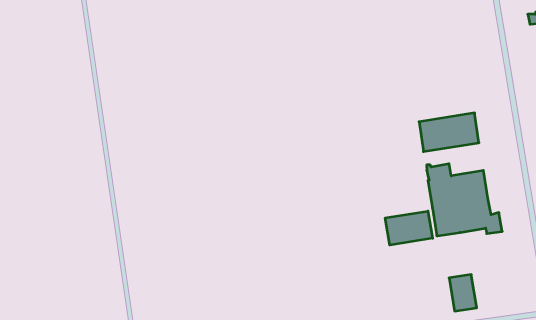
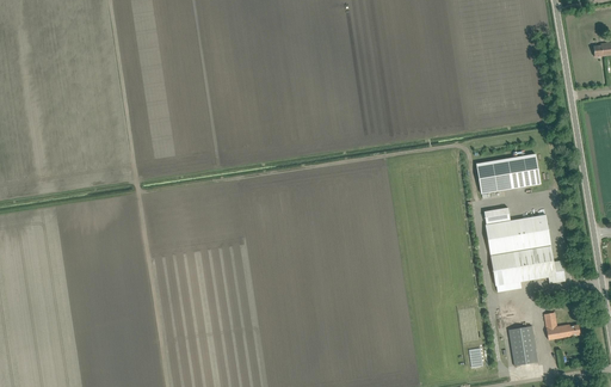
building: [385,211,433,245] -> none
building: none -> [543,312,580,340]

